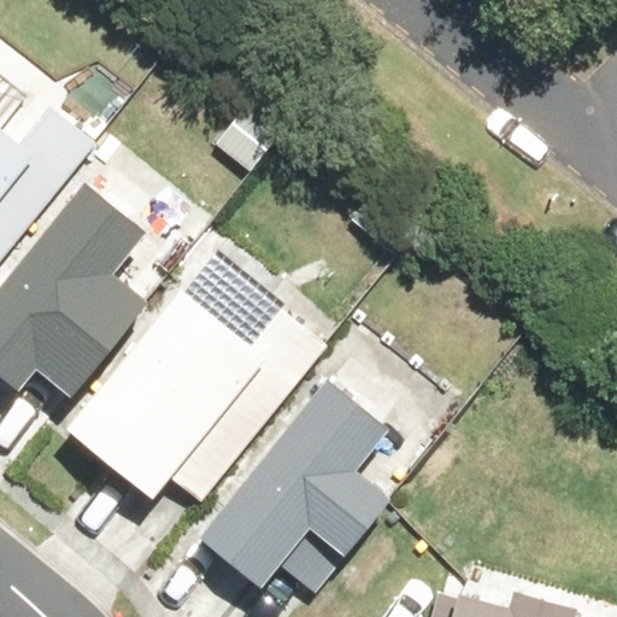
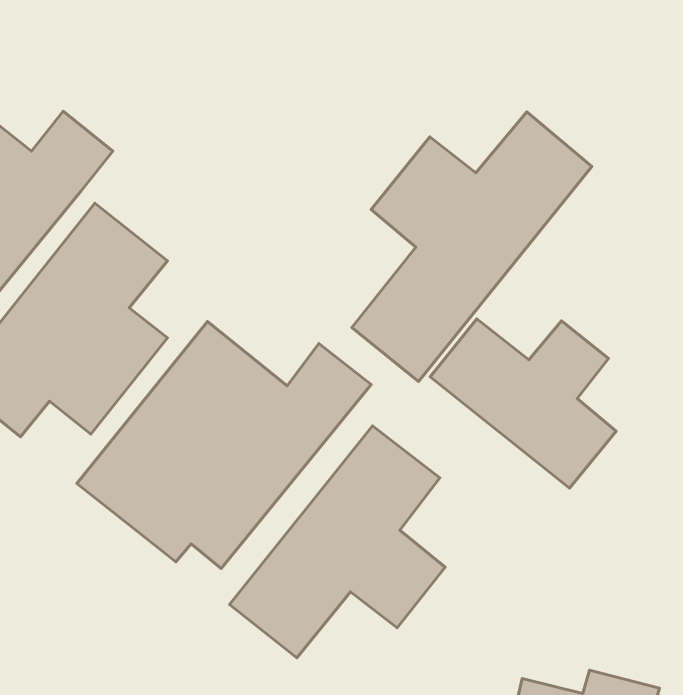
building: none -> [352,112,592,382]
building: none -> [430,319,616,488]

